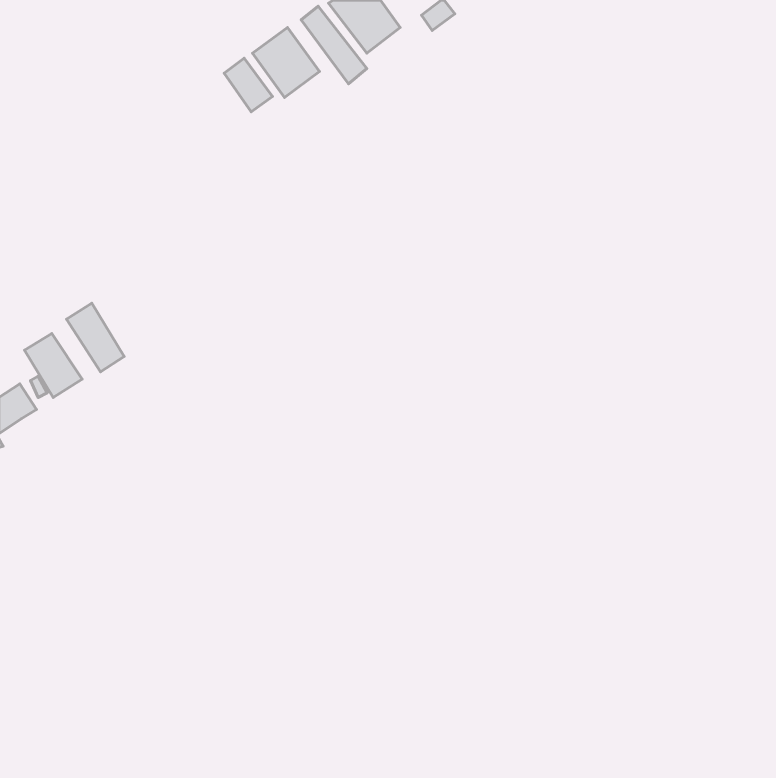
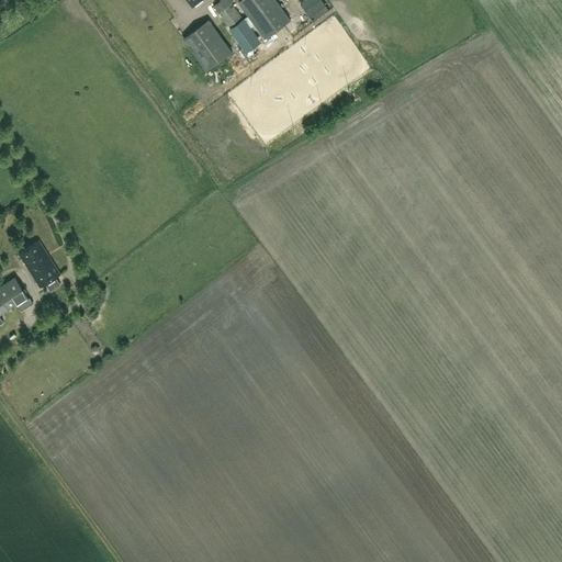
building: [224,58,272,112] -> none
building: [67,303,124,372] -> none

